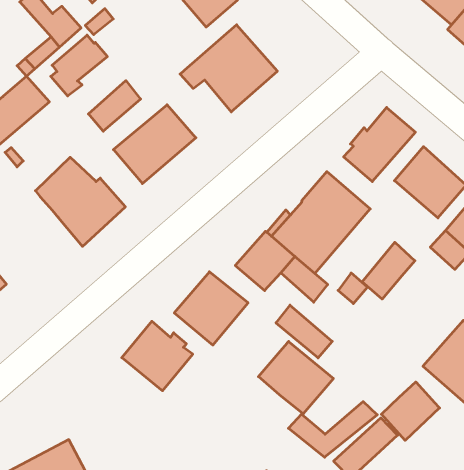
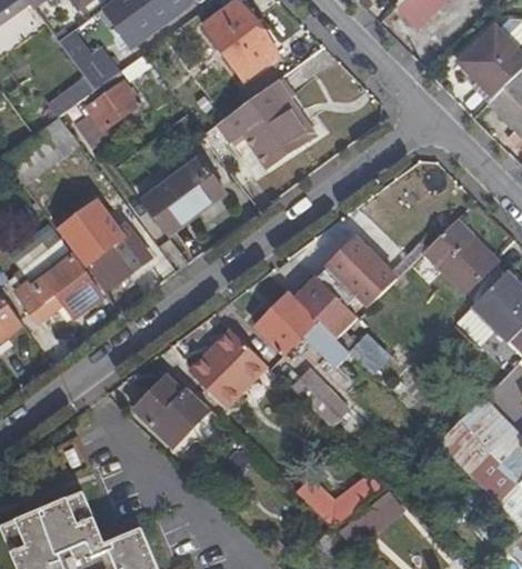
building: [88,81,141,131] -> none
building: [344,107,415,182] -> none
building: none -> [26,240,100,317]
building: [362,242,415,299] -> none
building: [258,341,333,414] -> none
building: [381,382,440,440] -> none

